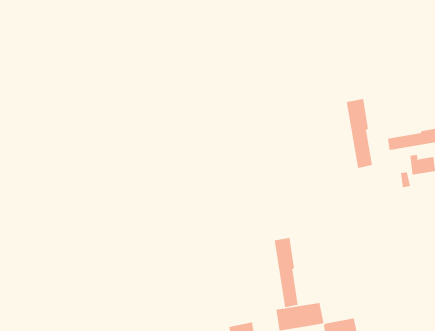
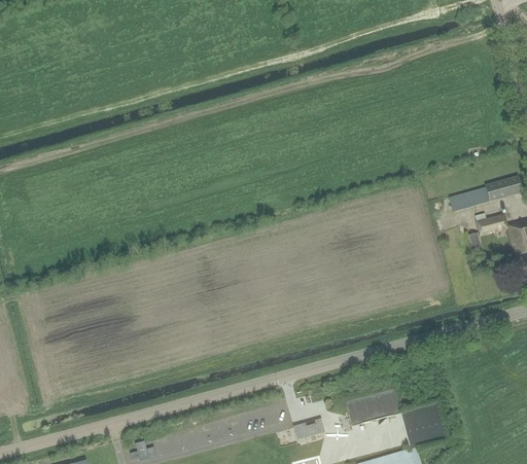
building: [346,98,373,169] -> none
building: [274,237,298,308] -> none

